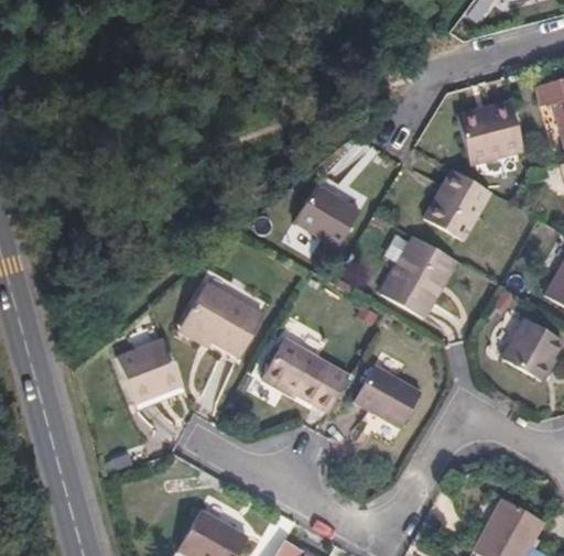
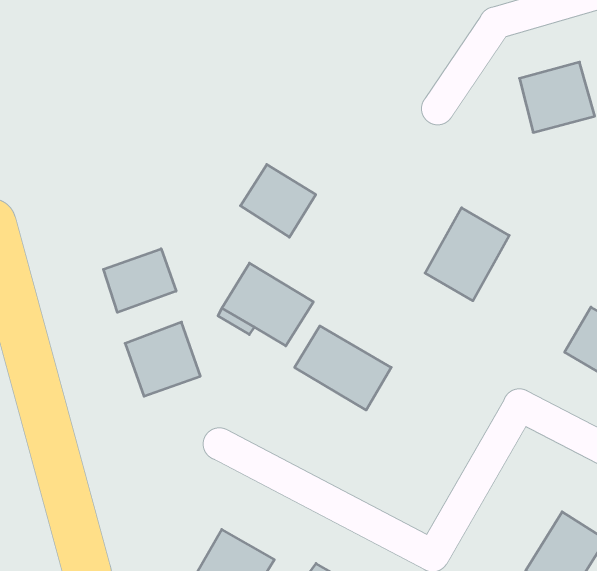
building: [423,173,490,246] -> none
building: [294,186,360,250] -> [240,164,316,237]
building: none -> [103,249,176,312]
building: [352,364,421,427] -> none

